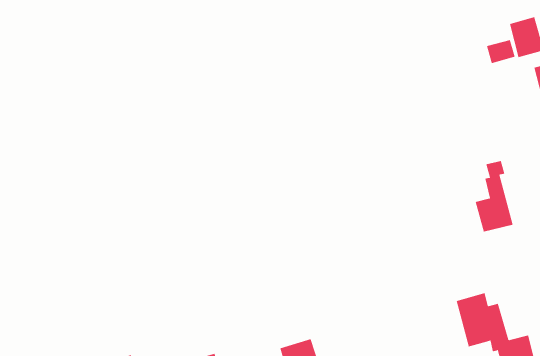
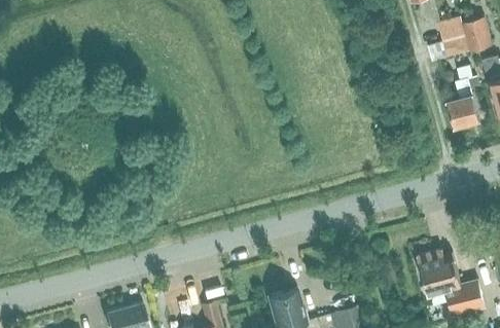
building: [475,160,514,232] -> [448,66,480,126]

